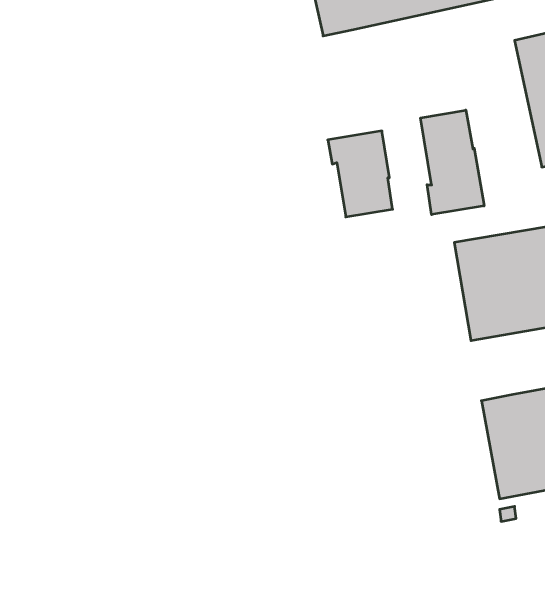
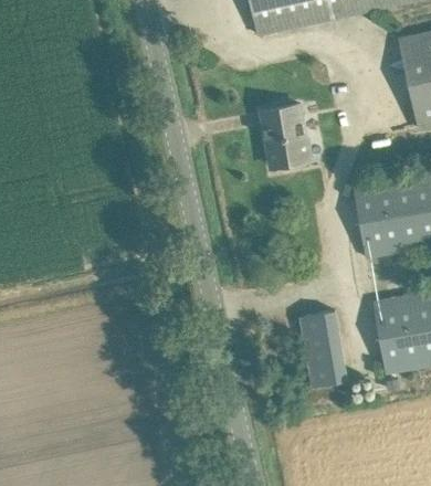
building: [421,110,484,215] -> none
building: none -> [301,309,347,385]

